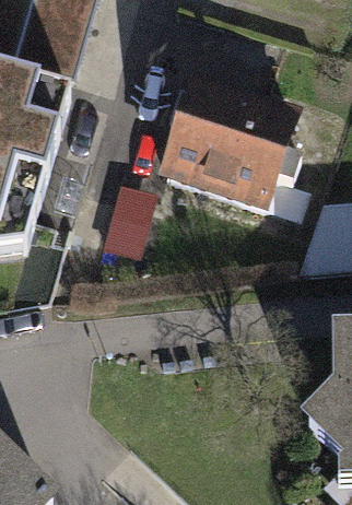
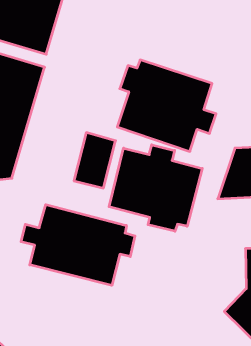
building: none -> [109,145,202,231]
building: none -> [21,205,135,285]

